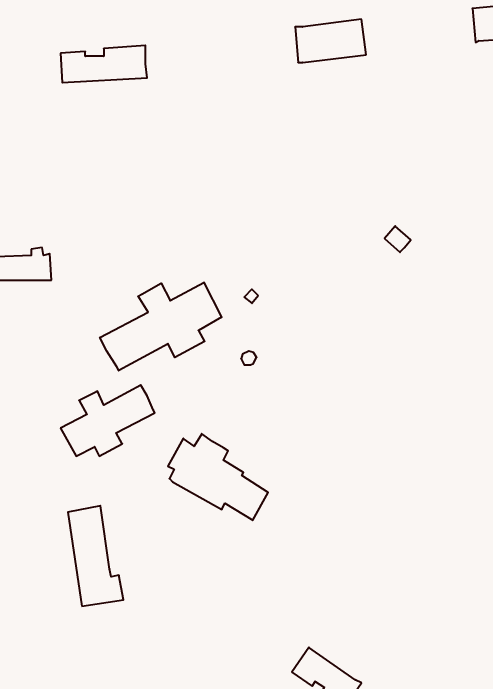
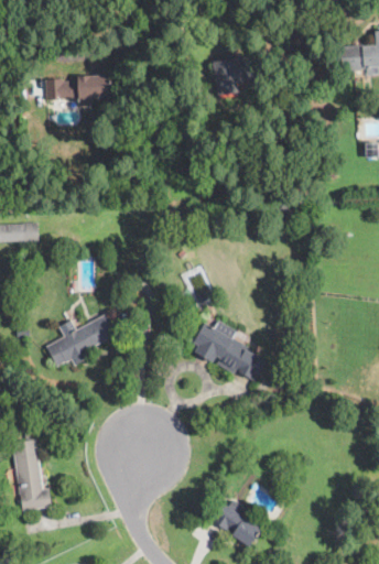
building: [100,282,222,371] -> none
building: [168,434,268,520] -> [194,319,266,381]
building: [68,506,123,606] -> [11,438,51,510]

